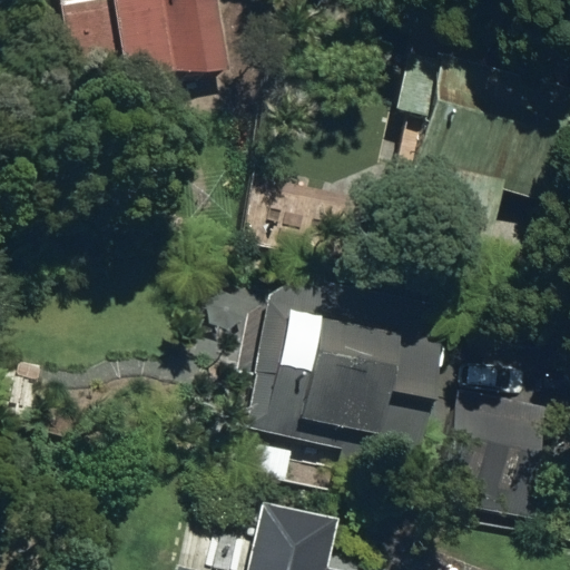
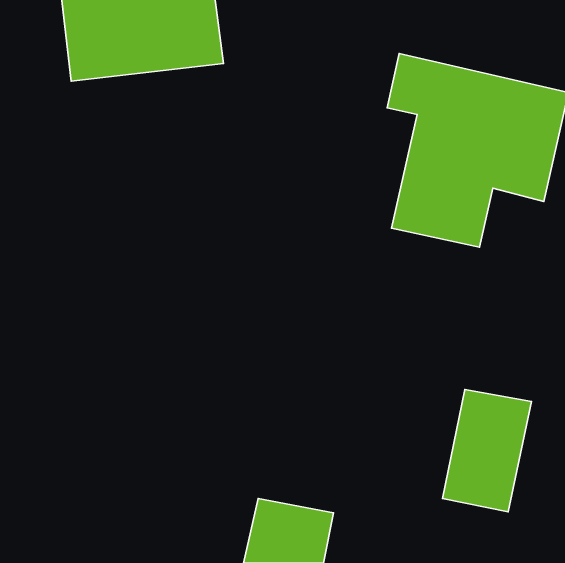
building: [266,317,442,446] -> none

